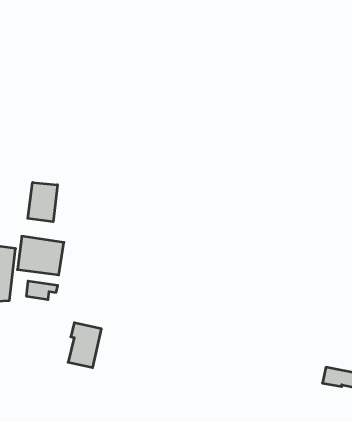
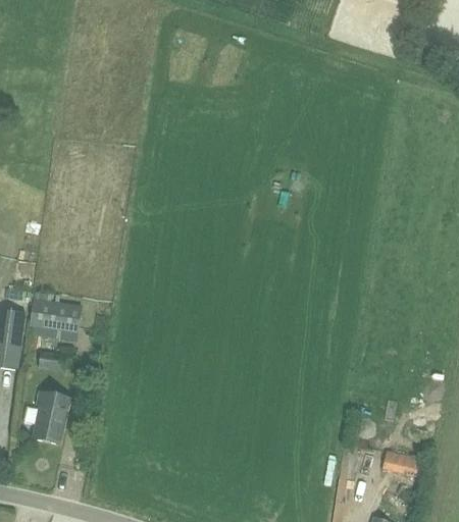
building: [28,182,57,222] -> none
building: [68,323,101,368] -> [32,389,70,441]

